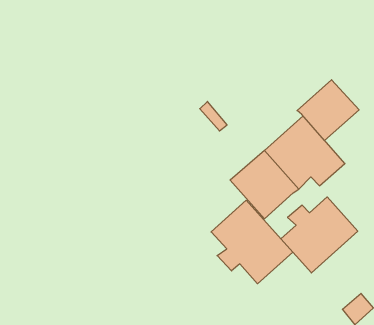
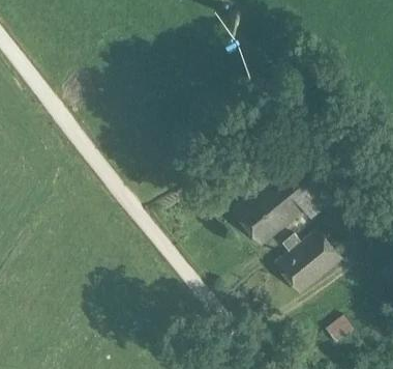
building: [297,80,359,140] -> none
building: [211,200,293,284] -> none

